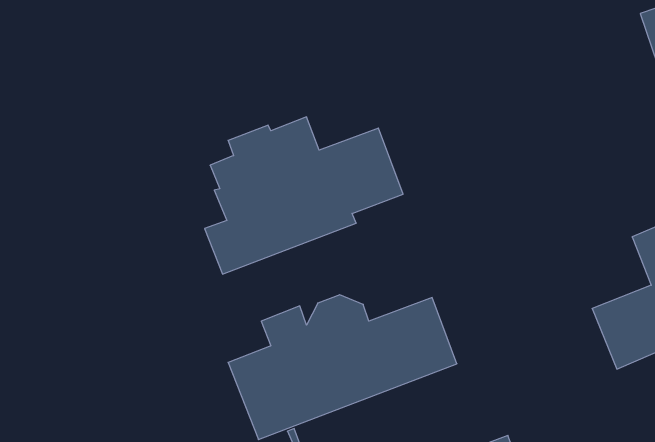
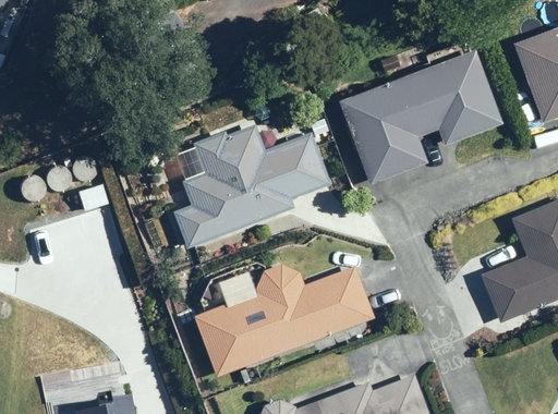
building: none -> [340,48,507,184]

